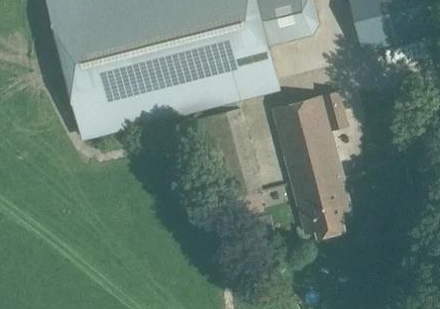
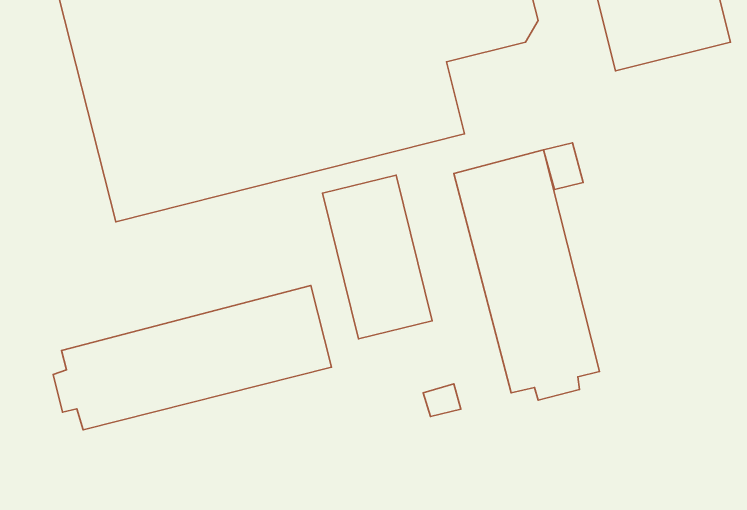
building: none -> [53,285,332,430]

